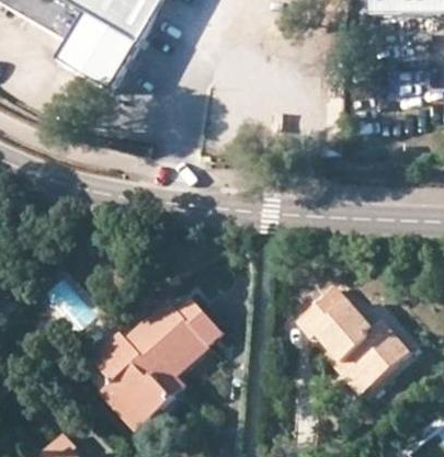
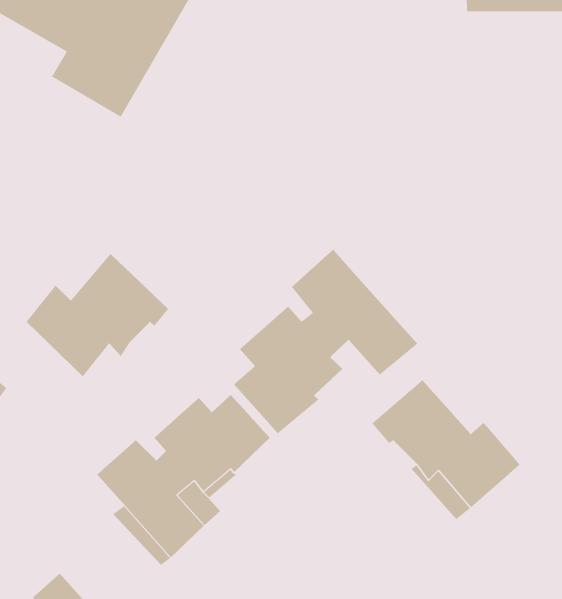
building: none -> [233,249,418,434]
building: none -> [26,253,169,377]

